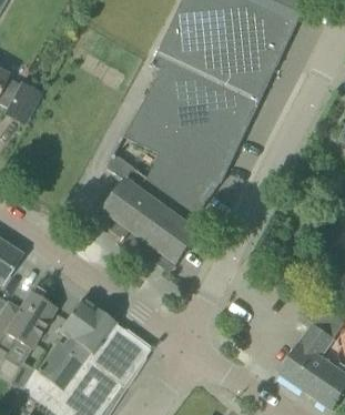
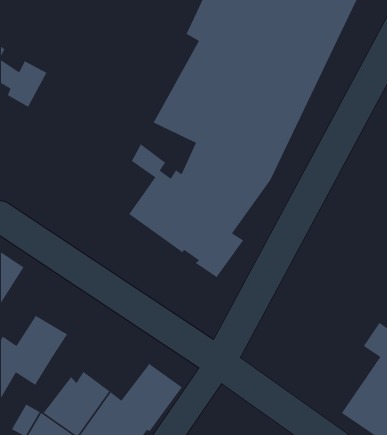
building: [58,300,120,361] -> none

